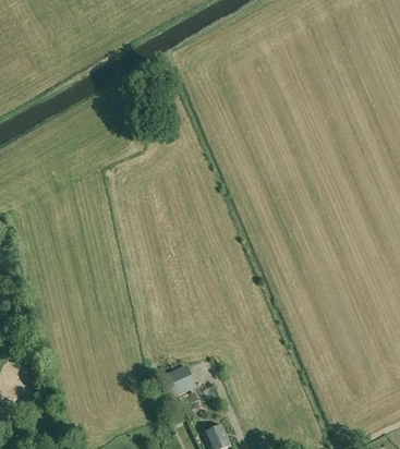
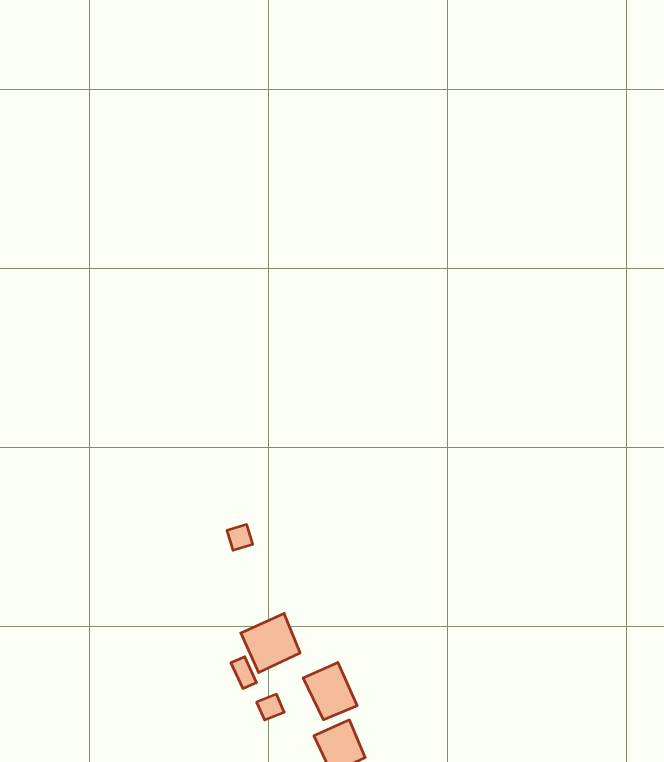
building: none -> [303,662,357,720]

